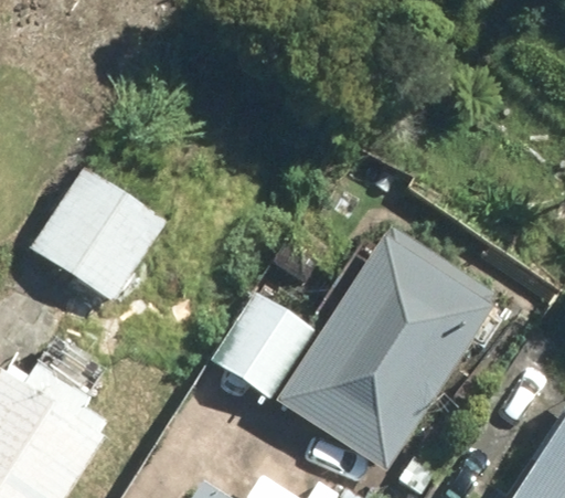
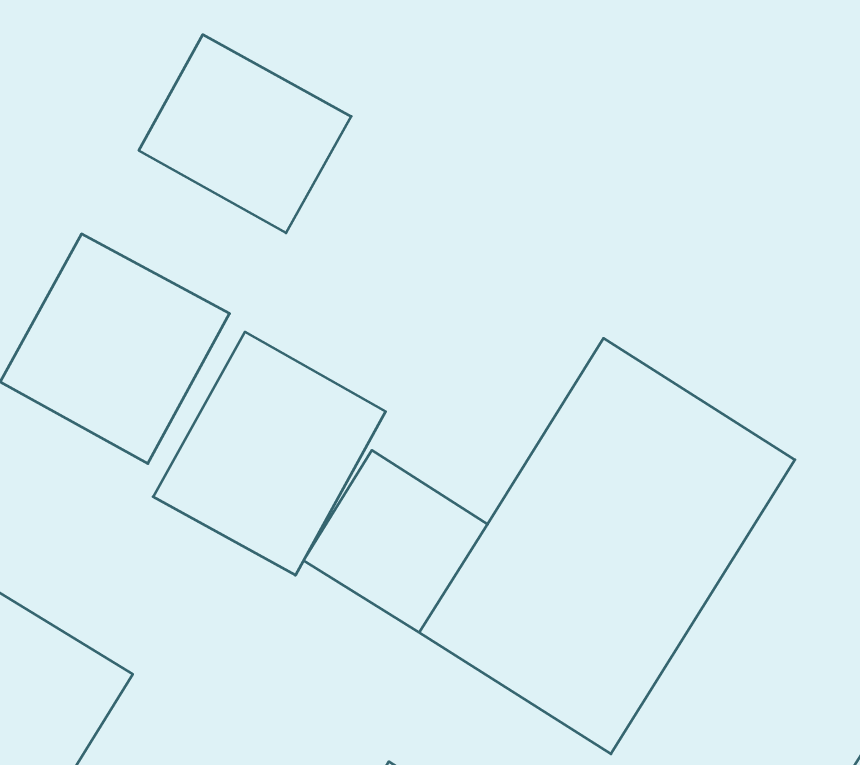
building: none -> [139,35,351,233]
building: none -> [153,332,386,575]

